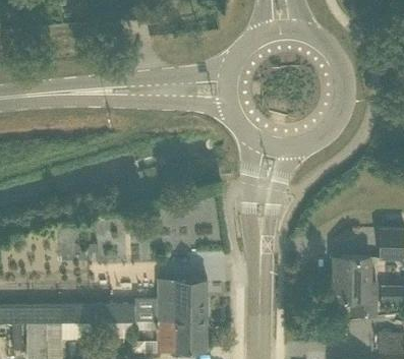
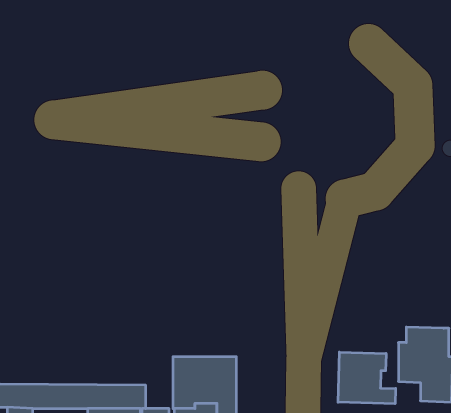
building: none -> [338,352,396,404]

